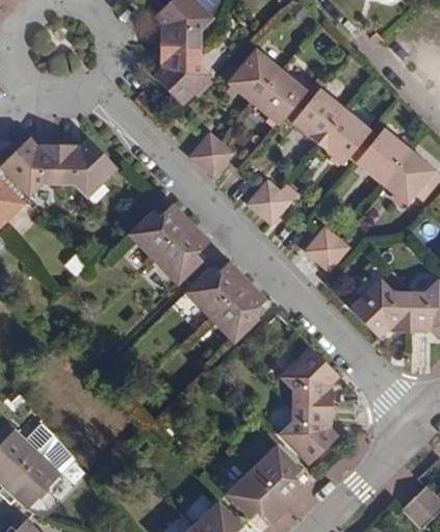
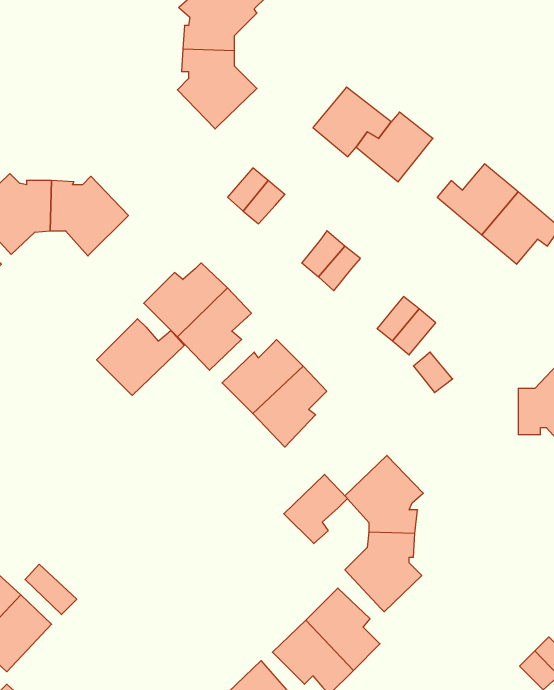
building: [221,53,280,103] -> none
building: [318,111,377,162] -> none
building: none -> [97,319,184,395]
building: [348,276,408,337] -> none
building: none -> [284,474,347,544]

